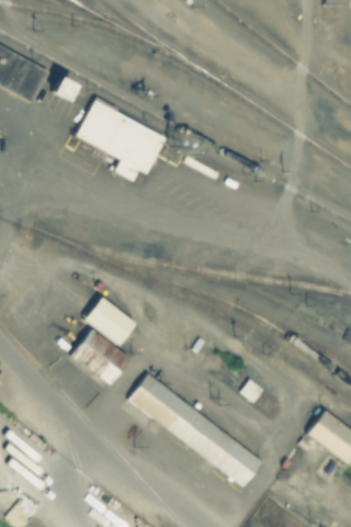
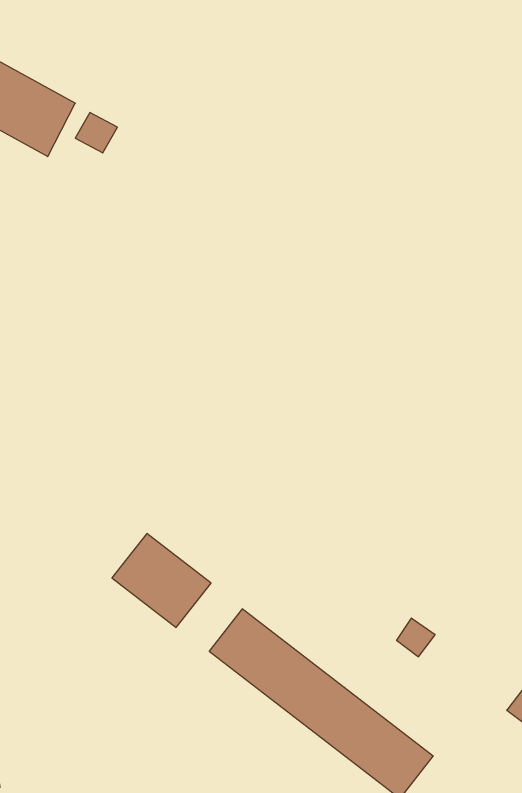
building: [76,100,165,180] -> none
building: [83,296,134,345] -> none

